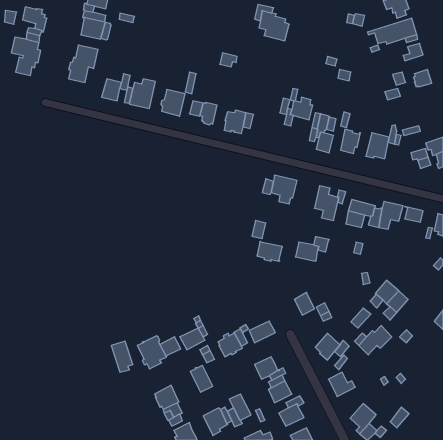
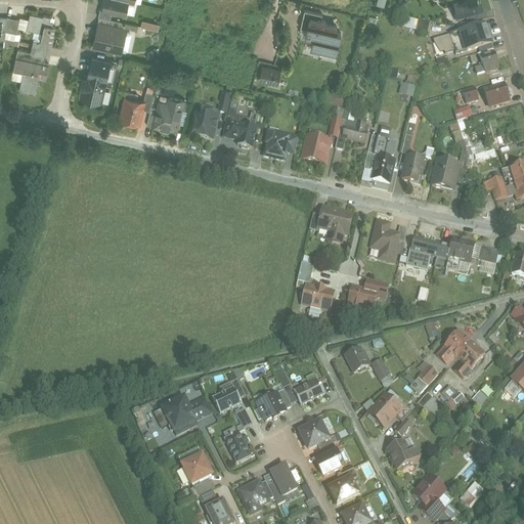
building: none -> [303,135,330,162]

